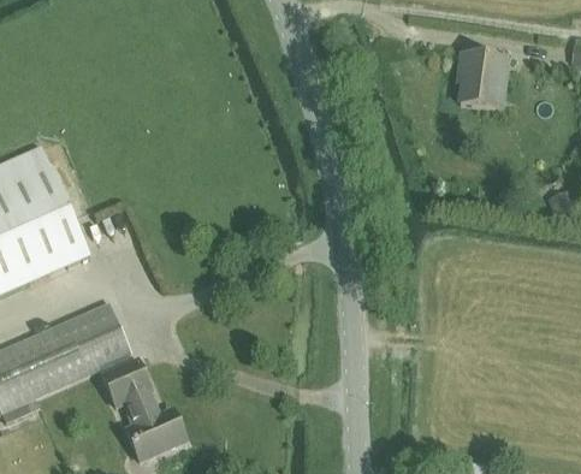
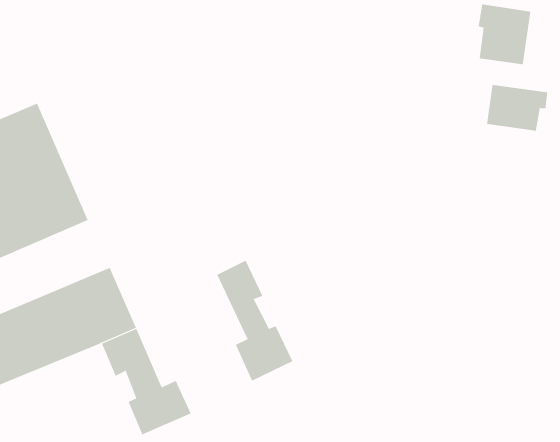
building: none -> [486,84,548,132]
building: none -> [216,260,293,382]

